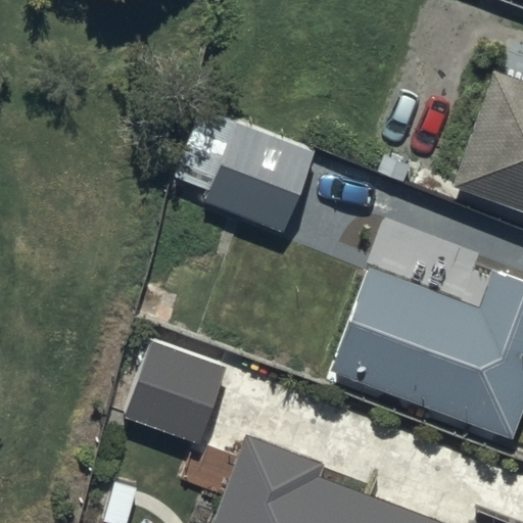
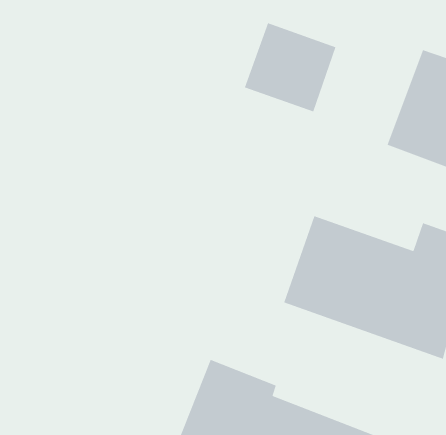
building: [203,129,312,234] -> [244,22,337,112]
building: [124,346,223,446] -> none

